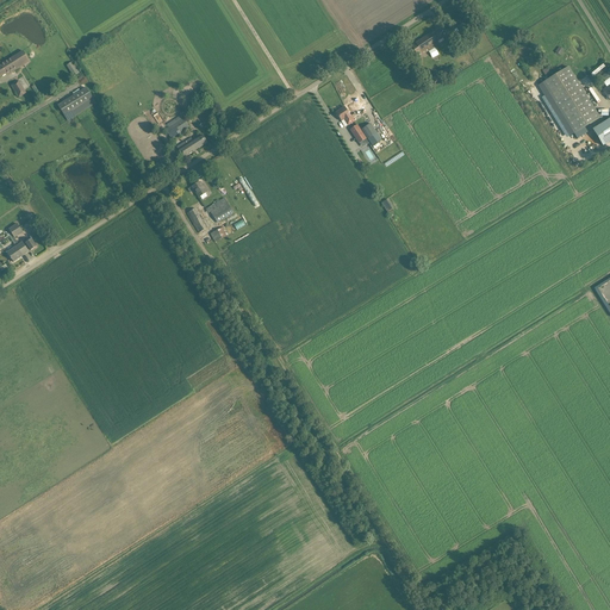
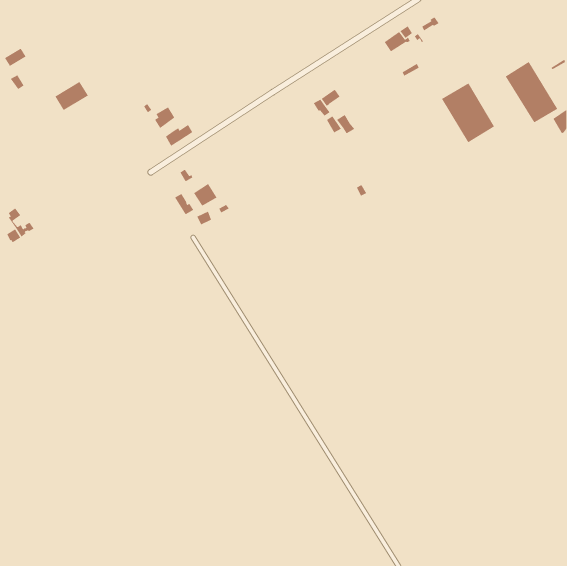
building: none -> [441,82,495,143]

